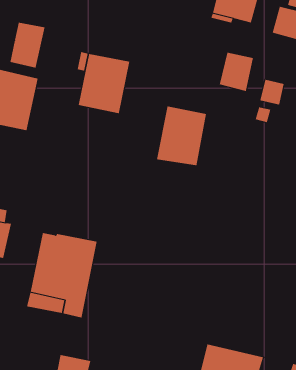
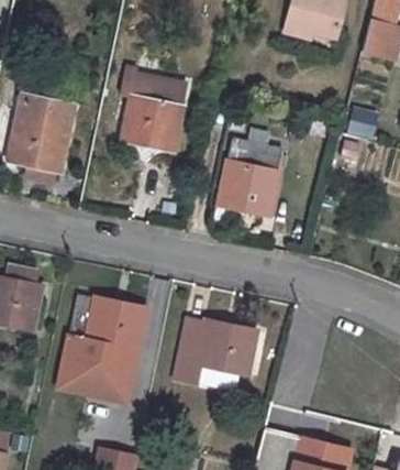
building: [10,22,45,68] -> none
building: [219,52,254,92] -> none
building: none -> [173,320,256,383]

